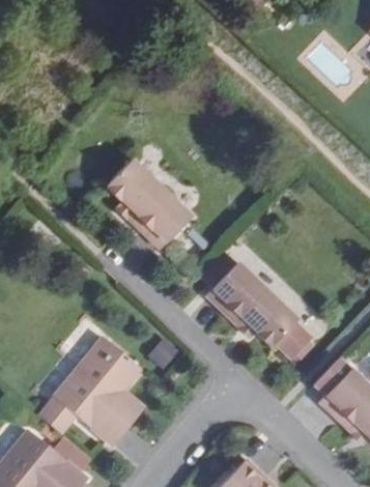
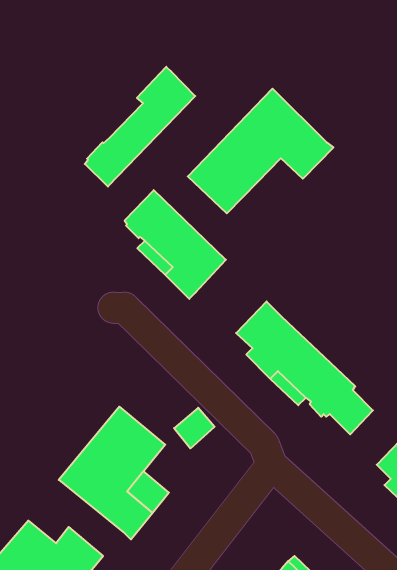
building: none -> [85,67,195,187]
building: none -> [188,89,333,213]

